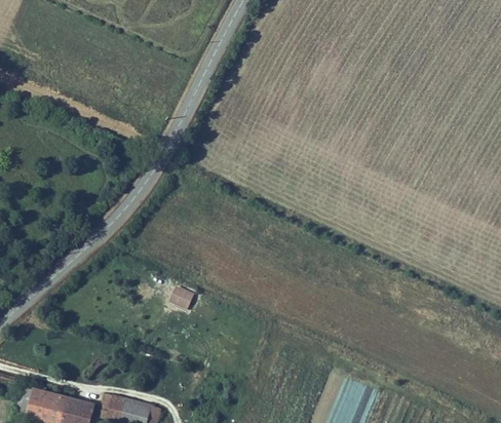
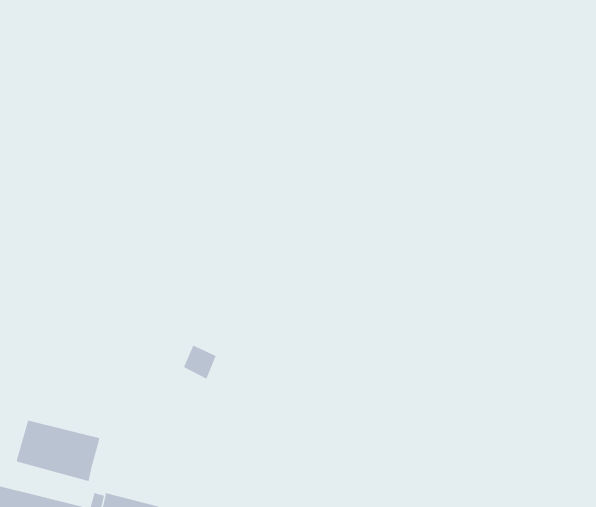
building: none -> [16,420,100,482]

